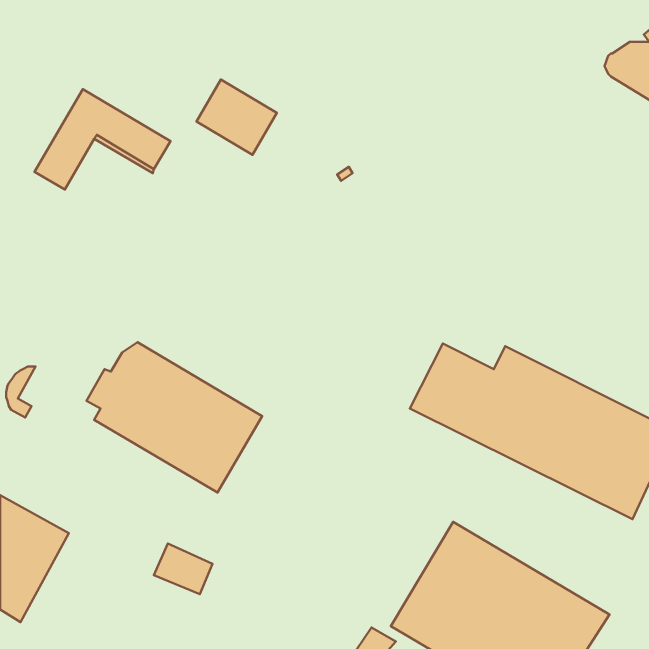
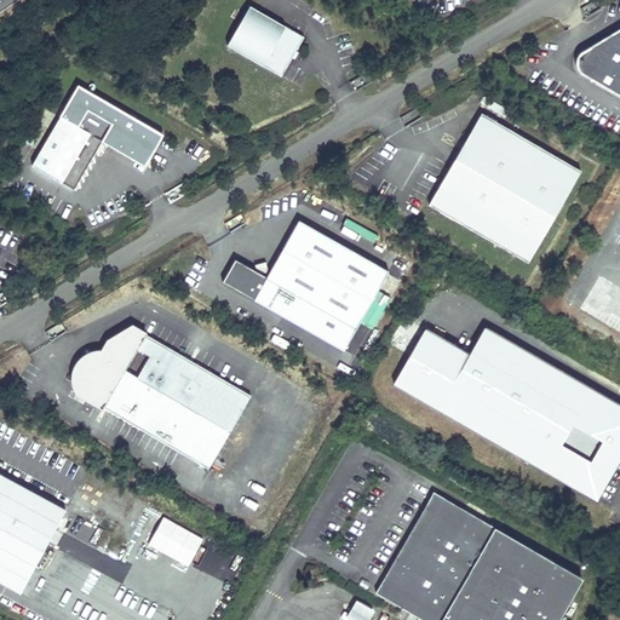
building: [197,80,277,155] -> [229,6,305,78]
building: none -> [429,114,581,263]
building: none -> [223,222,390,351]
building: [6,367,35,417] -> [73,352,101,401]

